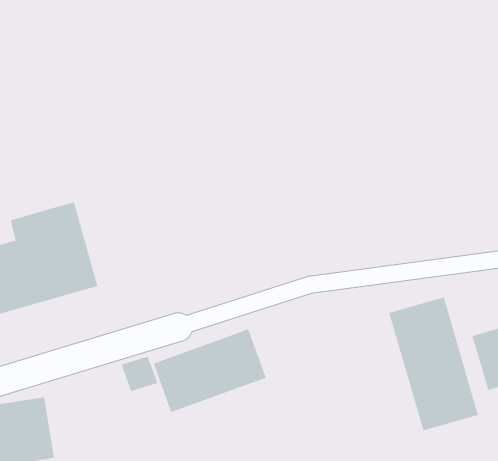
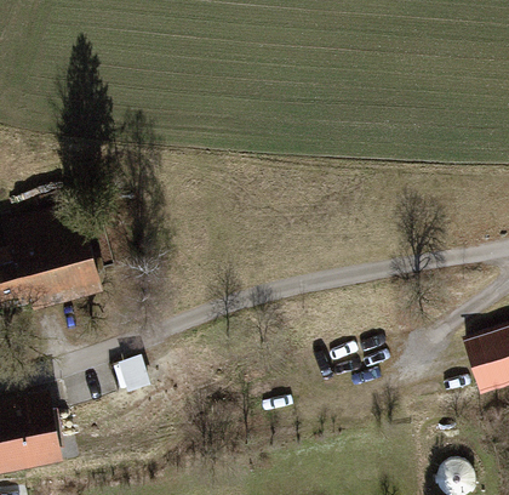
building: [389,297,479,431] -> none
building: [153,329,266,413] -> none

